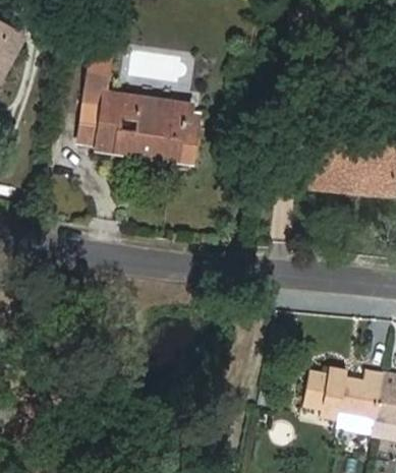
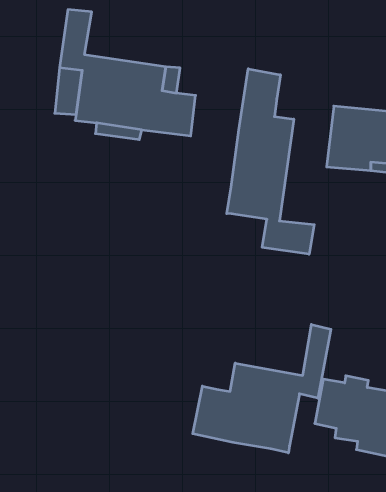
building: none -> [227,69,314,254]
building: none -> [193,324,331,453]

